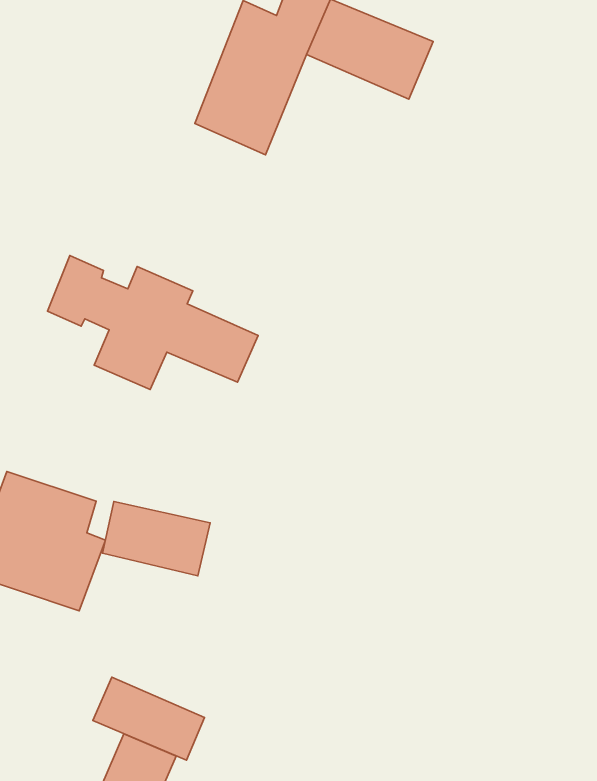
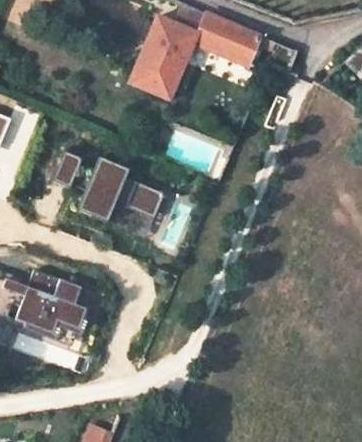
building: [102,501,210,576] -> none
building: [93,677,204,760] -> none

